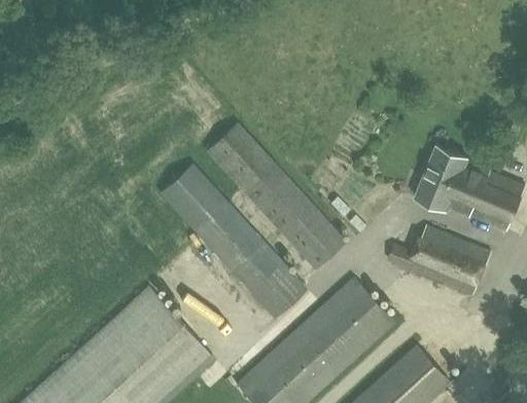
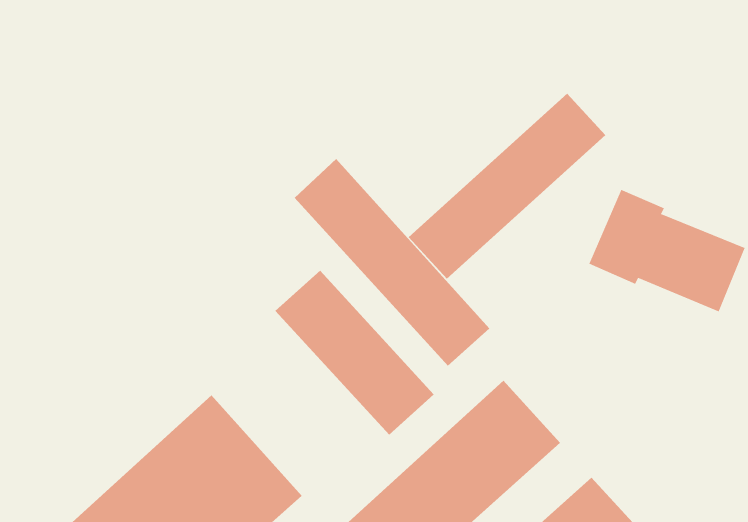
building: none -> [408,93,606,279]
building: [161,163,225,229] -> none
building: [387,224,492,295] -> none

